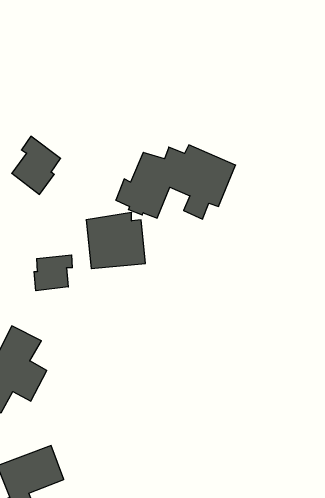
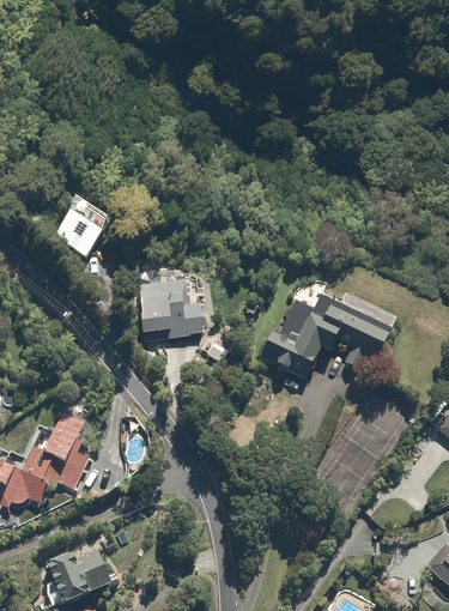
building: [116,145,236,219] -> [261,290,396,374]
building: [34,255,72,291] -> none

